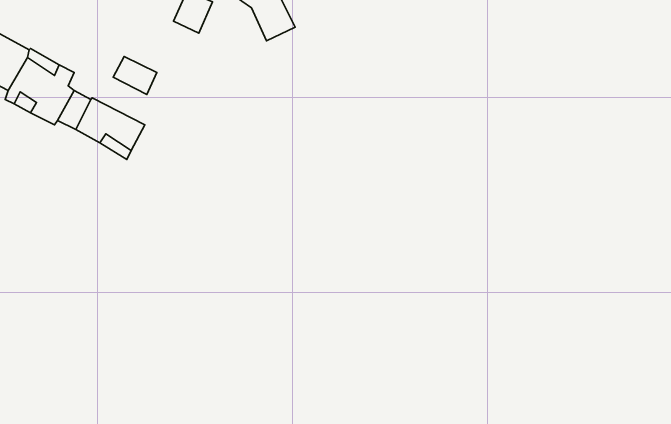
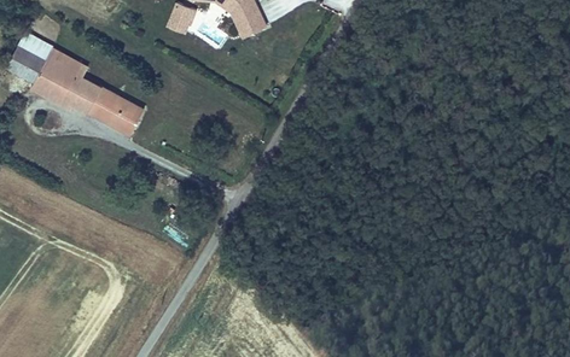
building: [113,56,157,95] -> none

